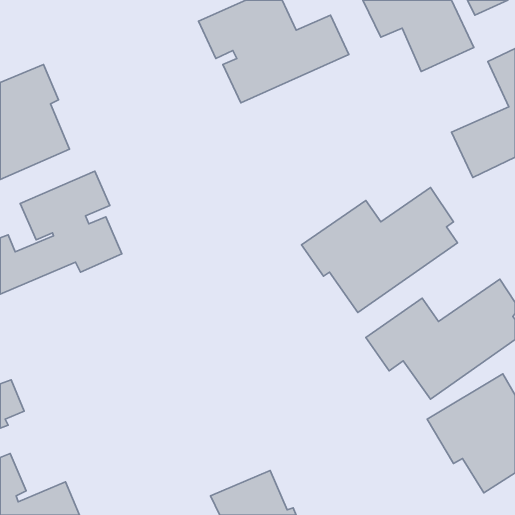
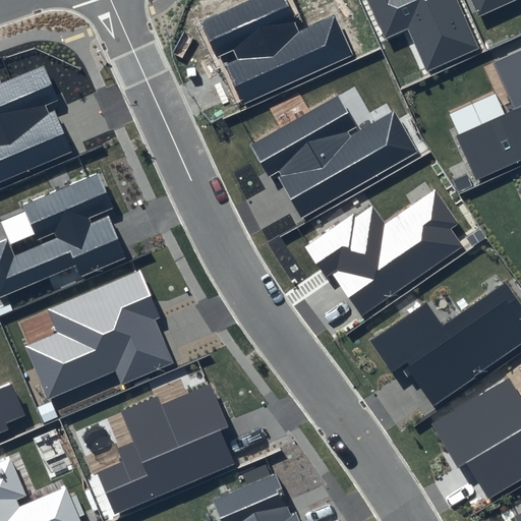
building: none -> [249,96,417,218]
building: none -> [25,269,174,400]
building: none -> [99,384,234,514]

